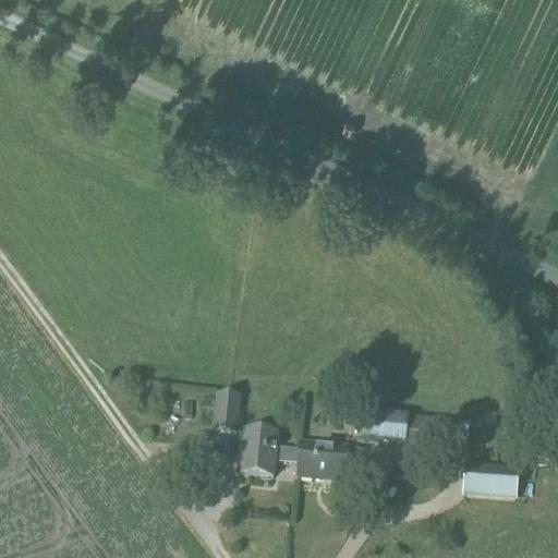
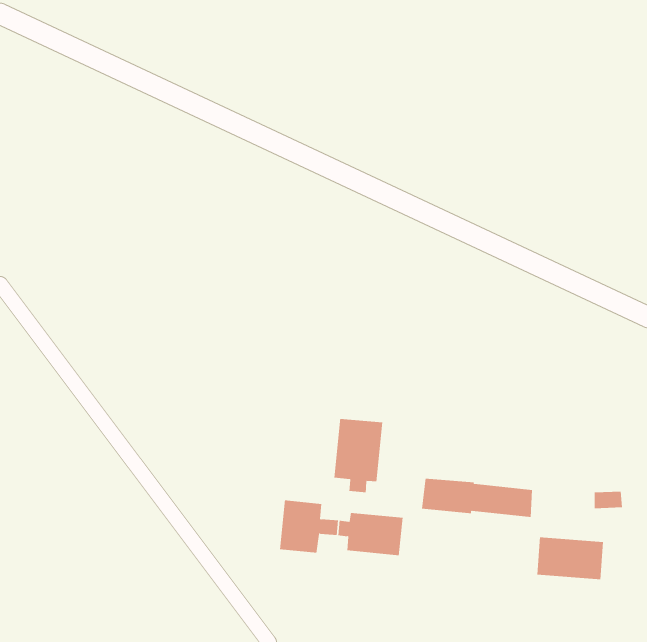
building: none -> [334,418,383,493]
building: [214,392,242,433] -> none

